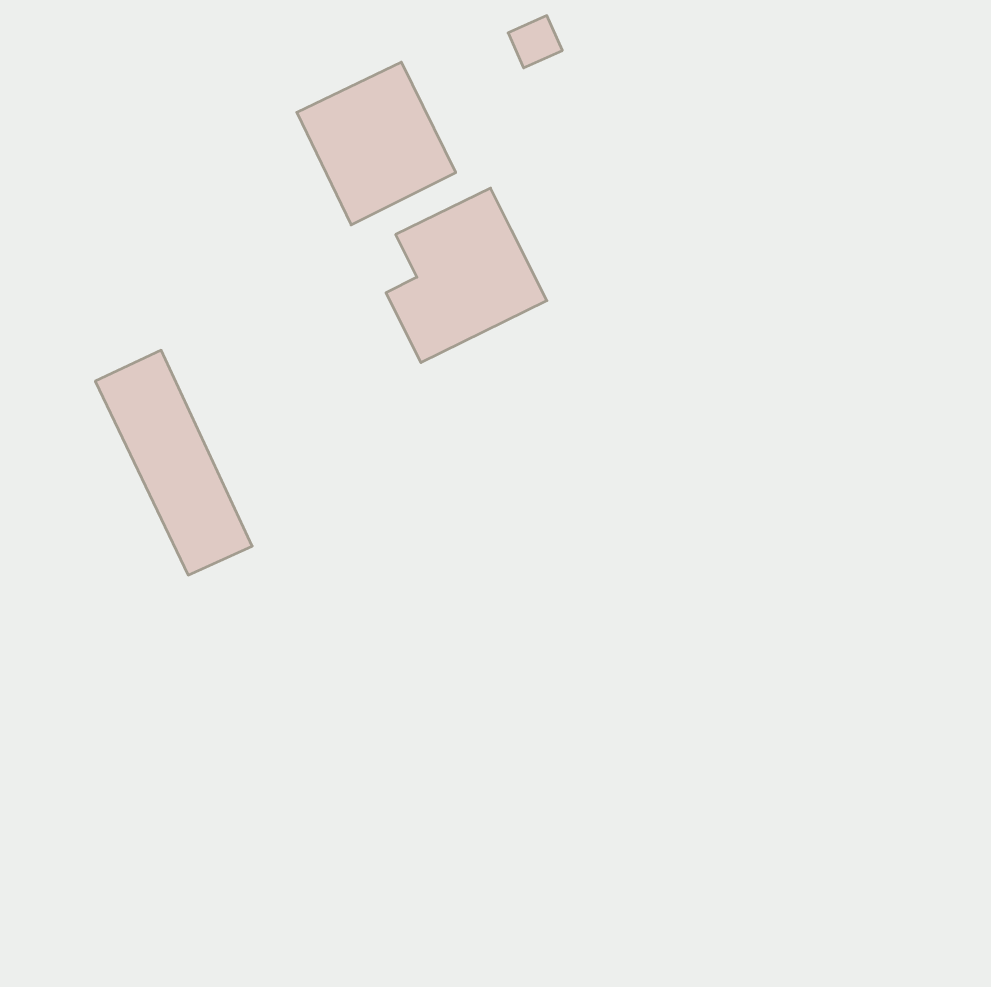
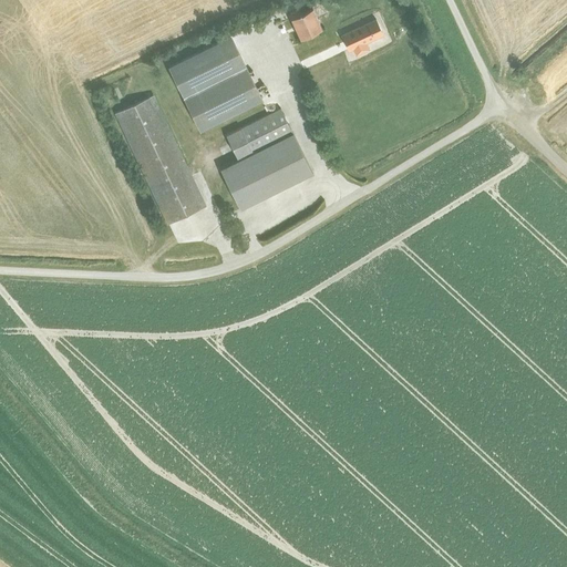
building: none -> [341,20,383,56]
building: [95,350,252,575] -> [115,96,205,225]

